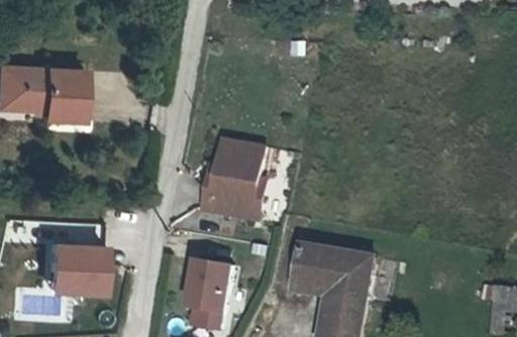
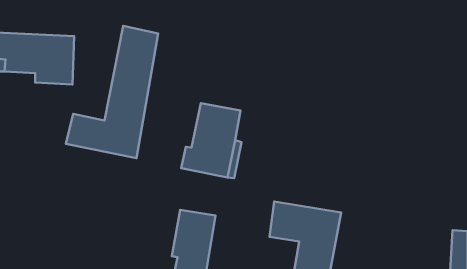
building: none -> [66,26,158,158]
building: [46,241,102,291] -> none

